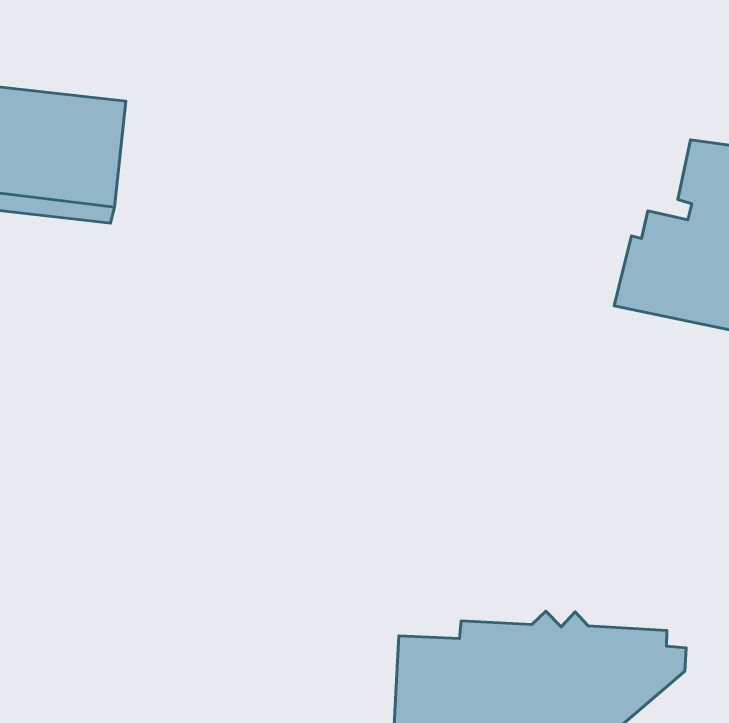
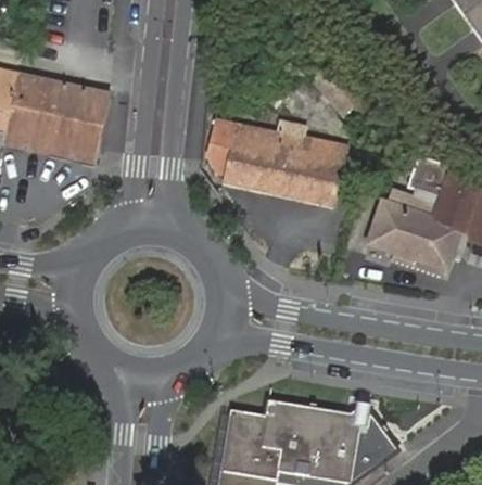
building: none -> [208,120,345,204]

